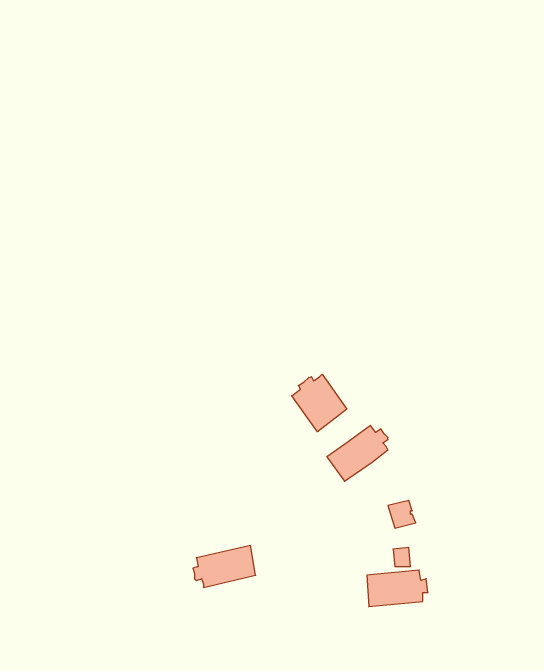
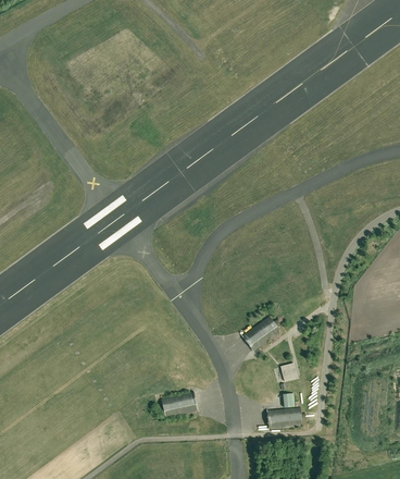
building: [292,374,347,432] -> none

